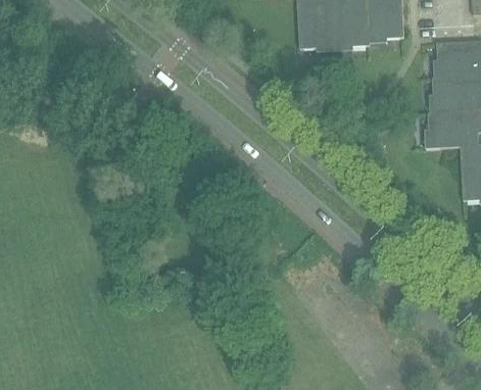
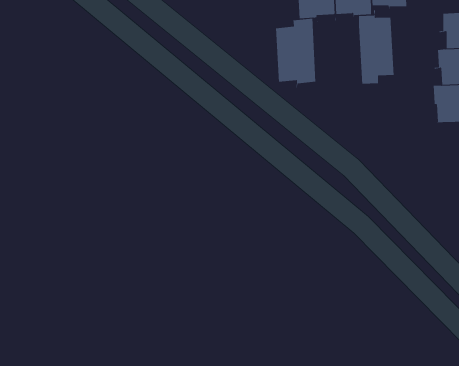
building: none -> [358,9,394,84]
building: none -> [275,18,316,89]

